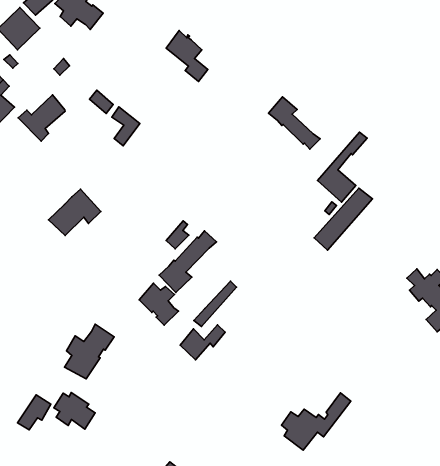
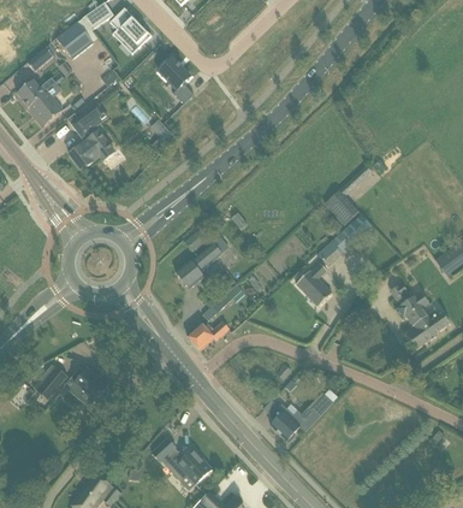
building: [166,30,208,81] -> [158,58,192,105]
building: [269,97,320,149] -> none
building: [49,189,101,236] -> [69,130,115,170]
building: none -> [296,264,332,306]
building: [139,283,178,325] -> none
building: [64,324,114,379] -> none

